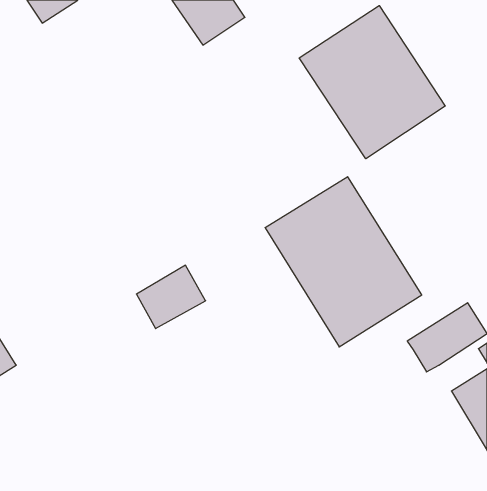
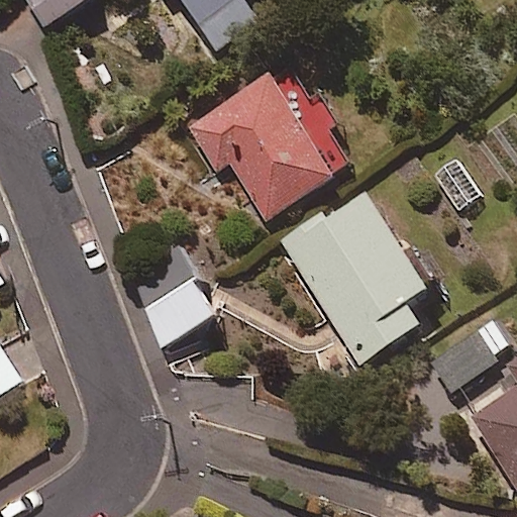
building: [299,6,445,159] -> none
building: none -> [183,59,355,219]

